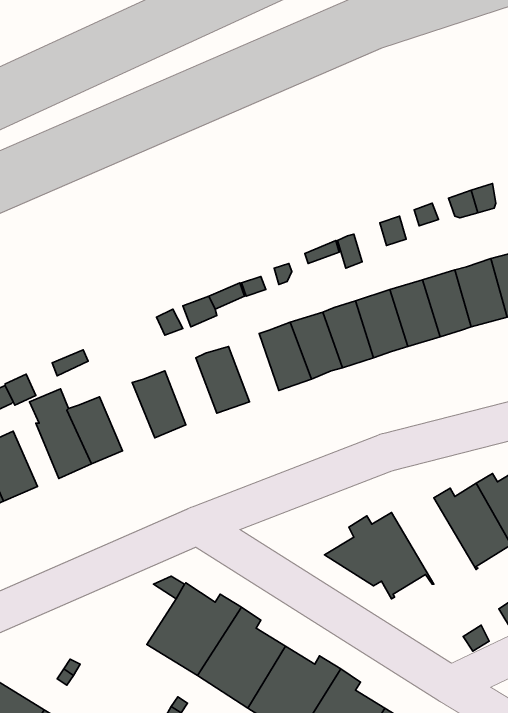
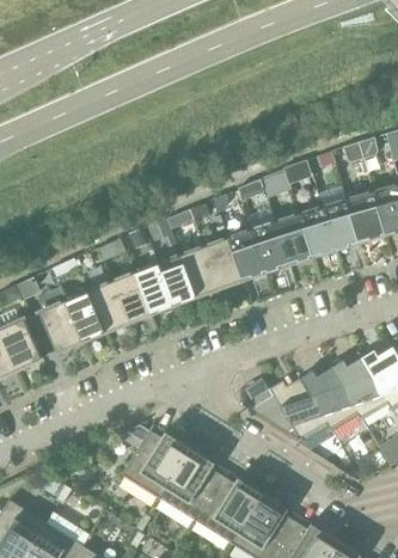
building: none -> [182,246,219,296]
building: none -> [135,264,173,313]
building: none -> [87,282,128,332]
building: none -> [301,367,363,430]

